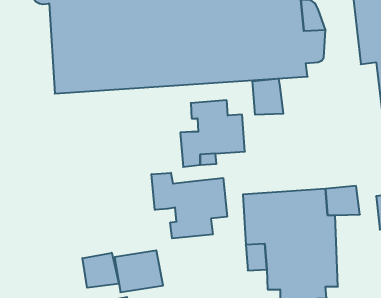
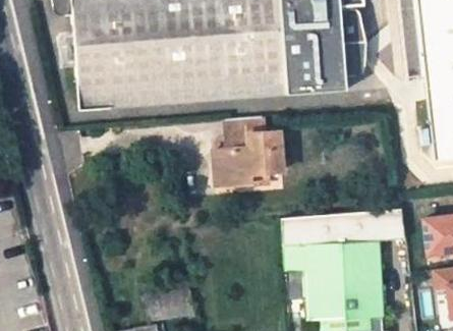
building: [252,79,283,115] -> none
building: [152,173,227,238] -> none
building: [82,253,119,288] -> none

